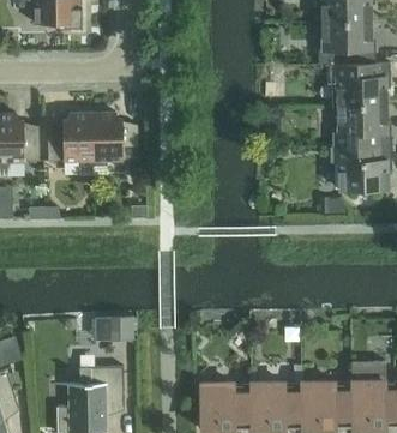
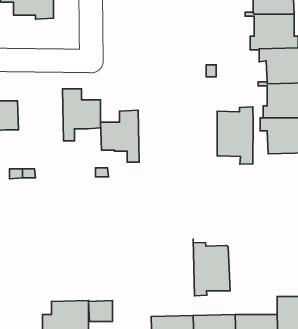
building: [47,112,94,174] -> [100,110,139,162]
building: none -> [217,107,253,164]
building: none -> [193,239,230,296]
building: [104,315,133,341] -> [88,301,112,322]

